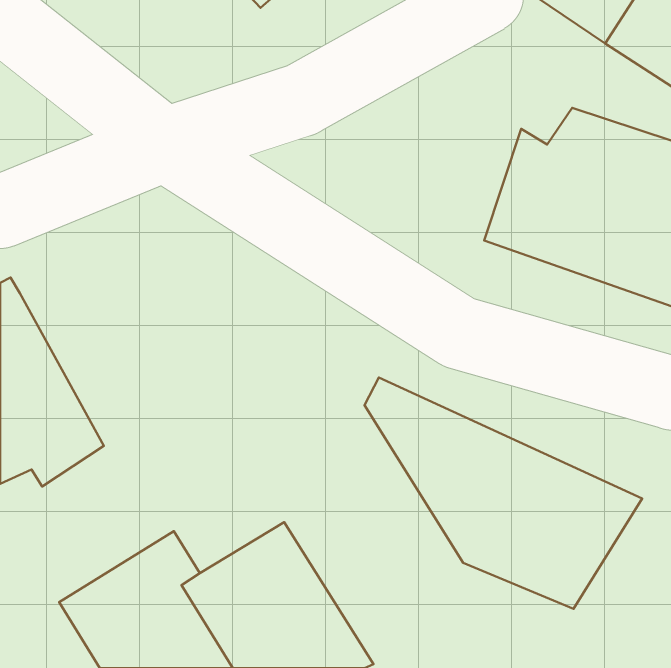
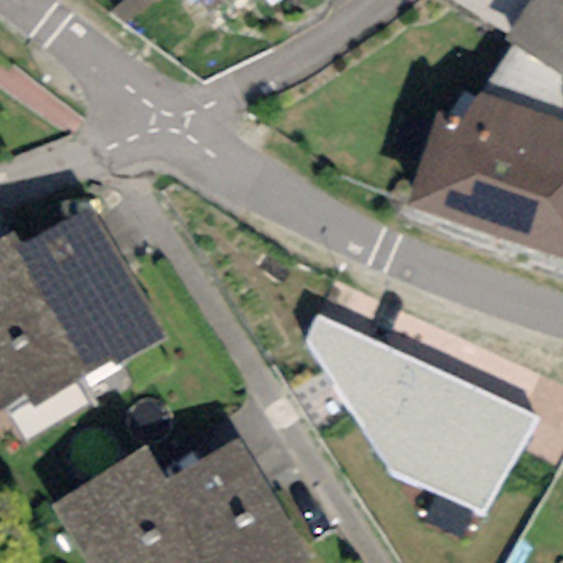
building: none -> [18,202,166,373]

